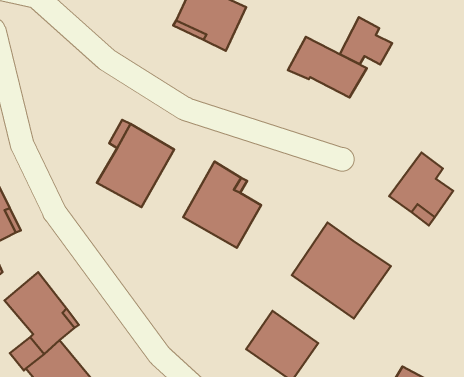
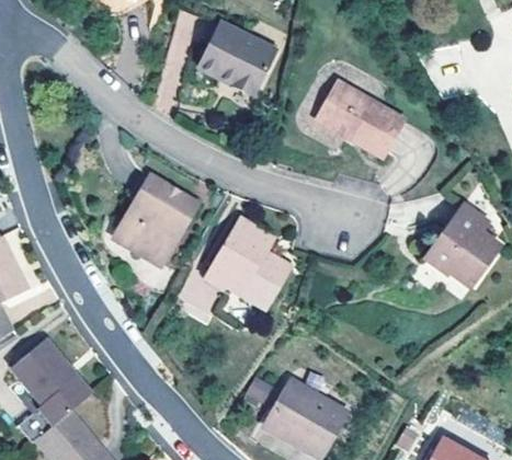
building: [340,17,392,65] -> none
building: [292,222,391,318] -> none

